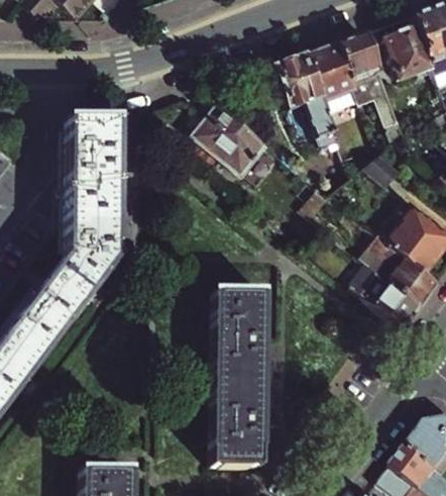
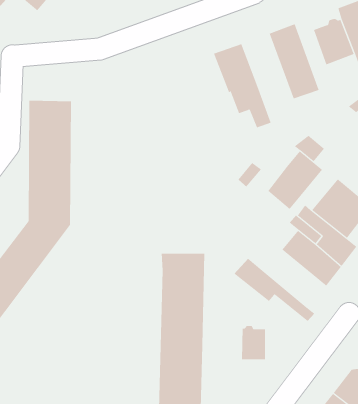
building: [308,43,356,103] -> none
building: [196,107,282,175] -> none
building: none -> [268,151,323,210]
building: none -> [234,258,315,322]
building: none -> [241,325,265,360]

